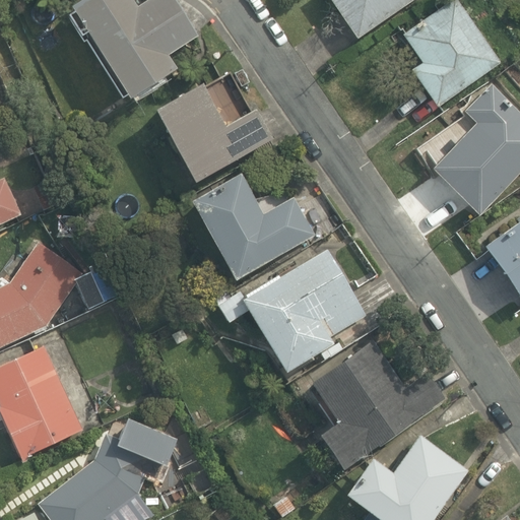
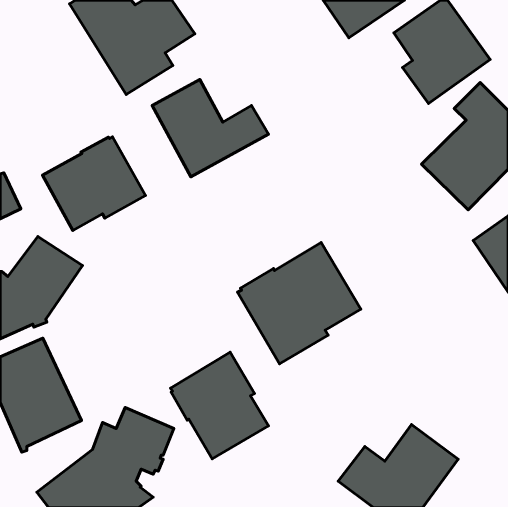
building: none -> [42,137,145,231]
building: [191,173,316,280] -> none
building: [311,341,446,469] -> none
building: none -> [170,352,268,459]

